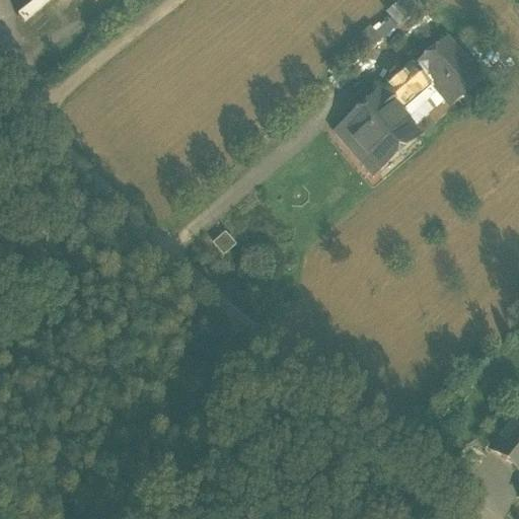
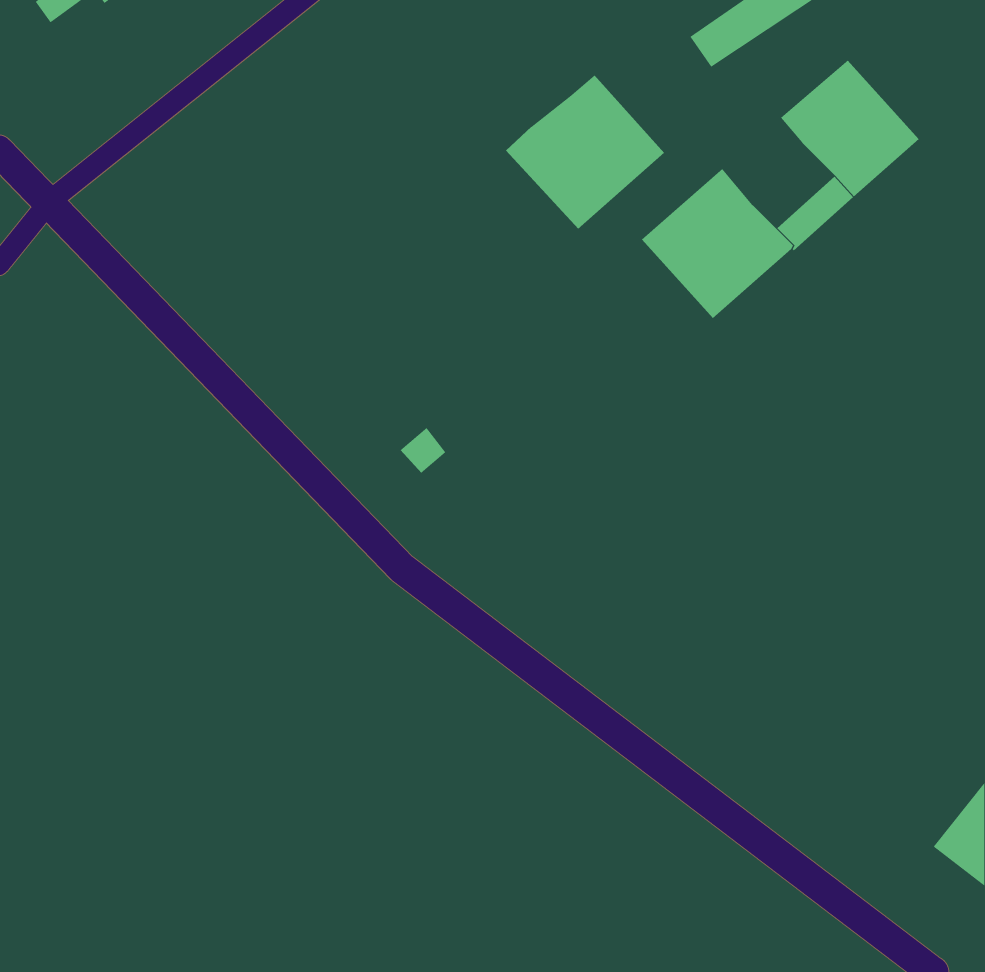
building: none -> [505,74,665,229]
building: [379,62,421,107] -> none

